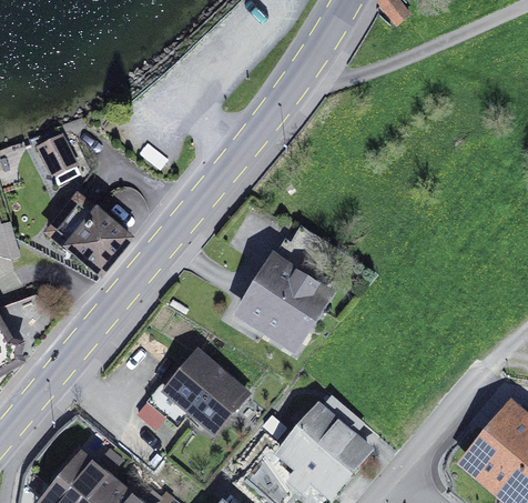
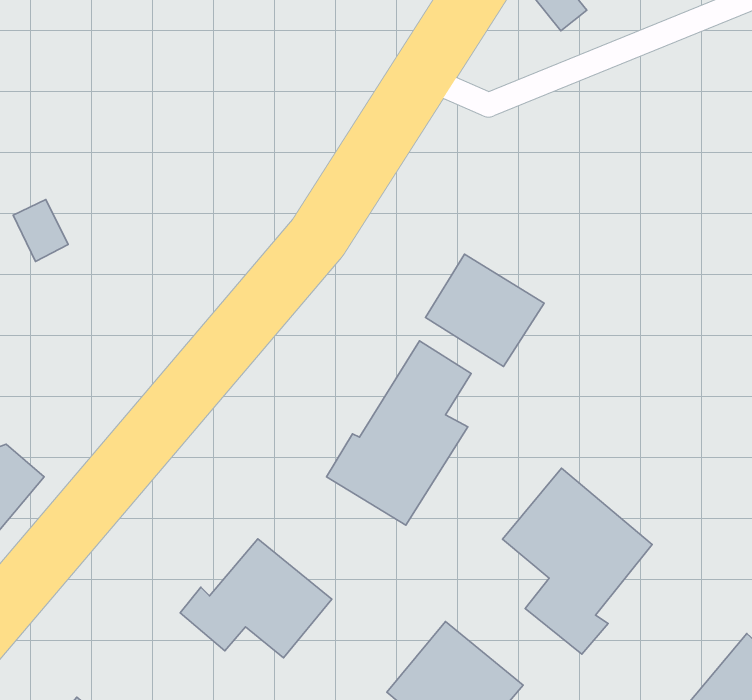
building: none -> [425,254,544,367]
building: [48,197,129,274] -> none
building: none -> [503,468,652,654]

